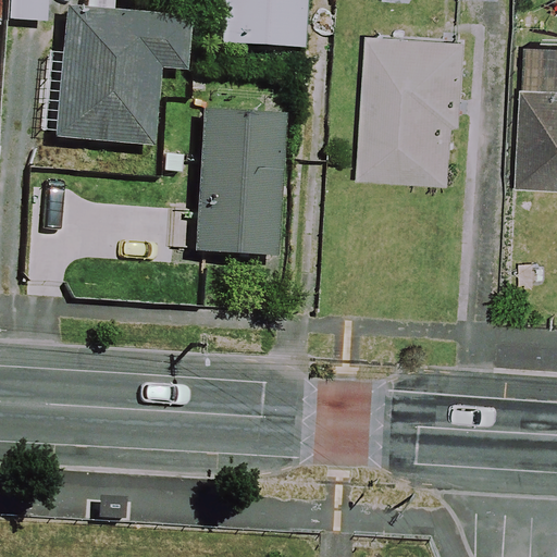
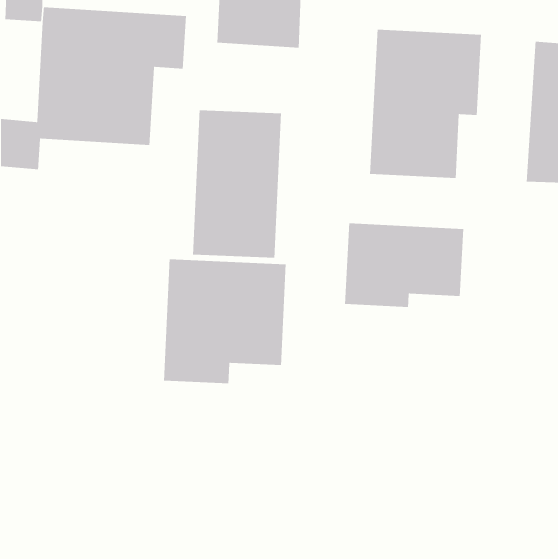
building: none -> [344,222,464,308]
building: none -> [163,259,287,384]

